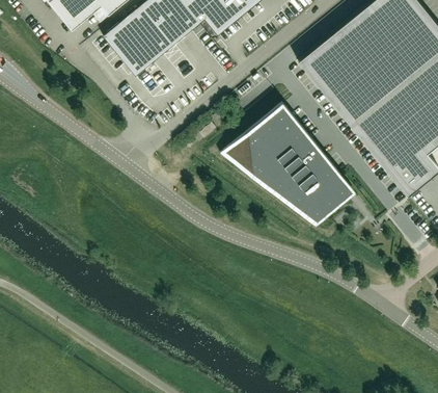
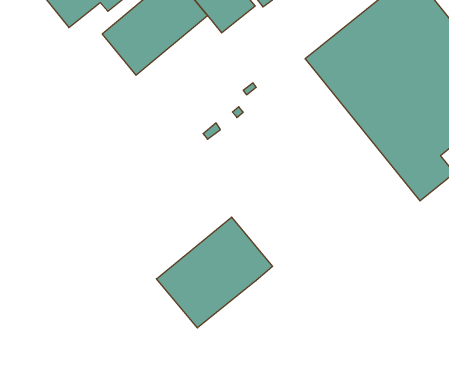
building: [224,105,343,222] -> none
building: none -> [156,217,273,328]

